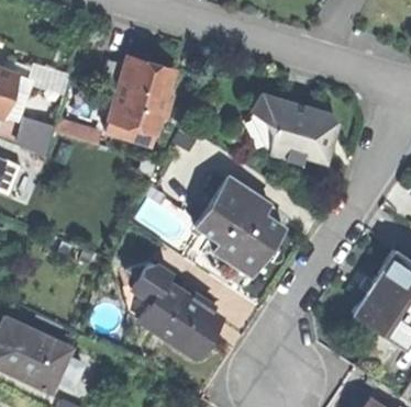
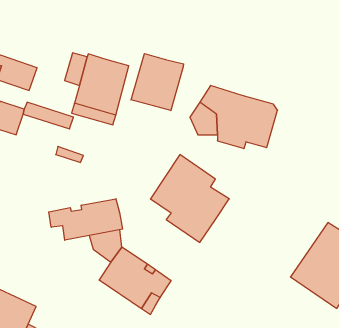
building: none -> [131,54,184,111]
building: none -> [49,199,123,240]

